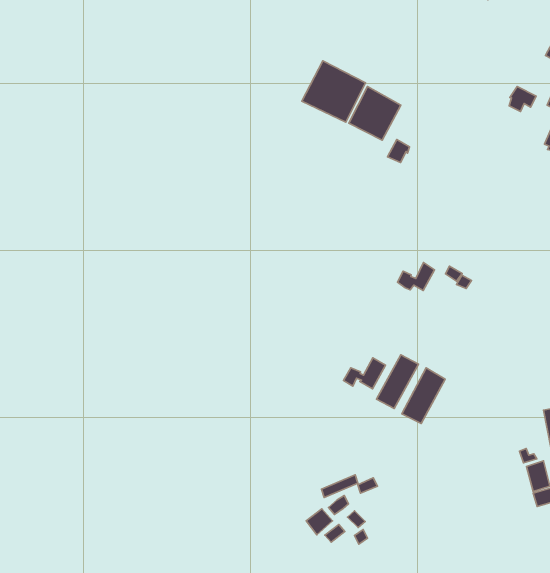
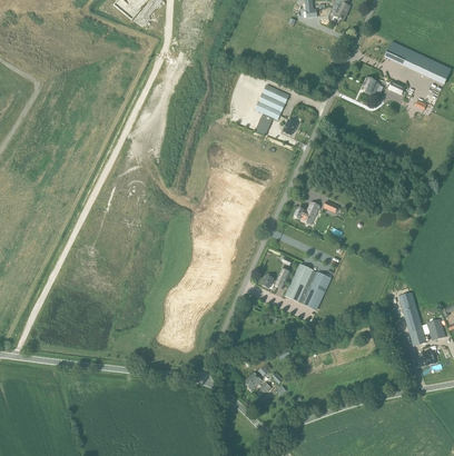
building: [302,61,365,122] -> none

